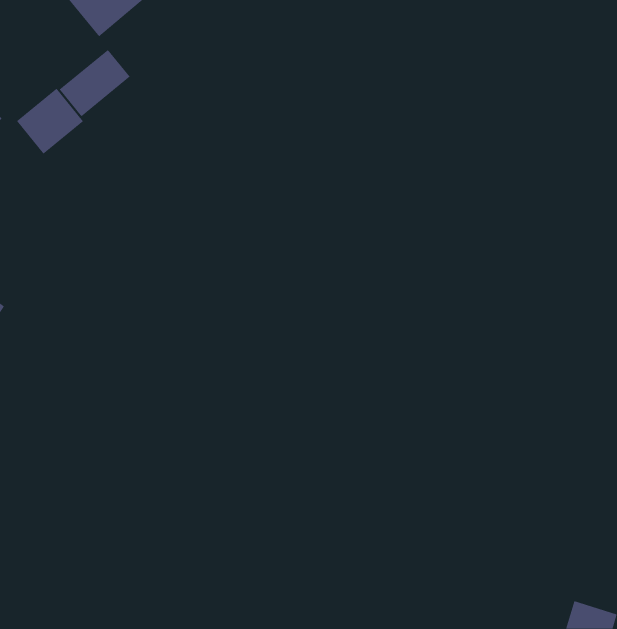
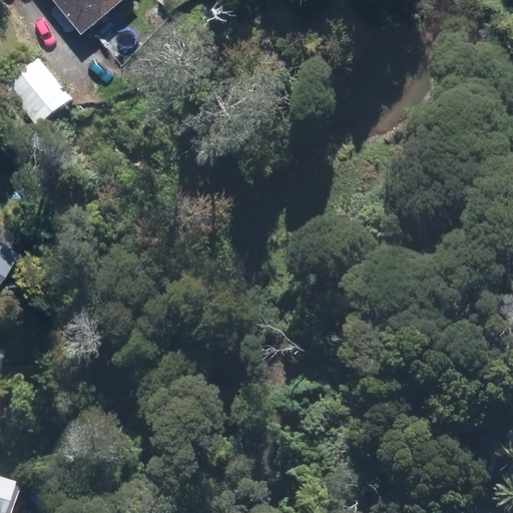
building: [59,49,131,117] -> none

